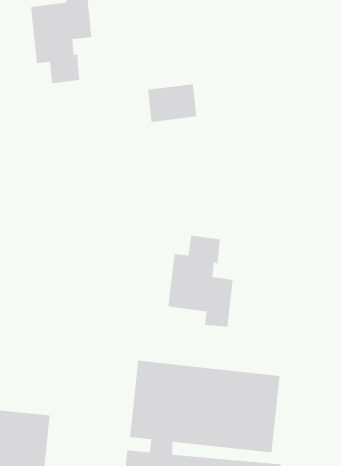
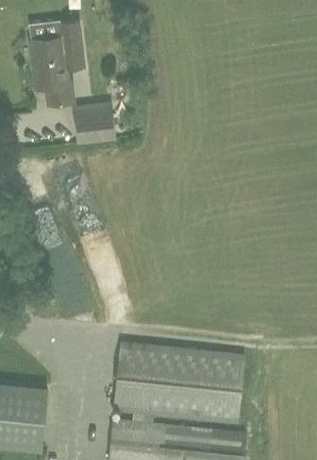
building: [147,83,197,123] -> [73,100,116,134]
building: [167,235,233,327] -> none

